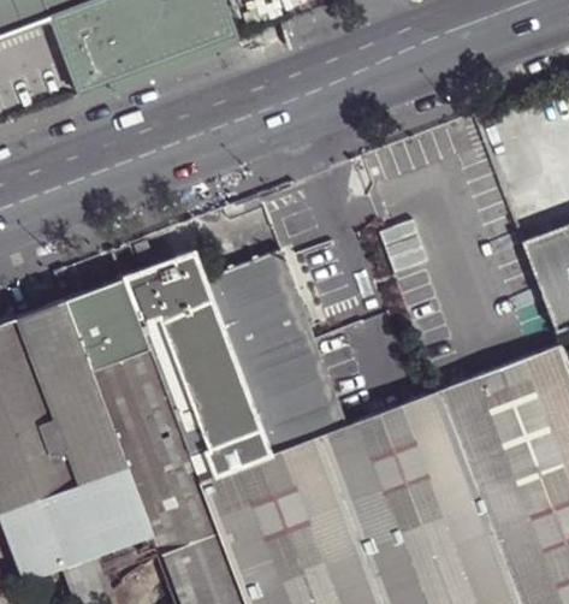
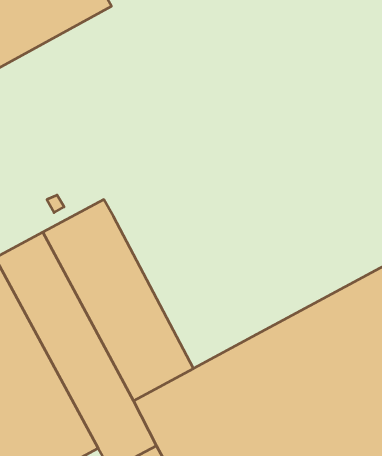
building: [205,243,348,454] -> none

